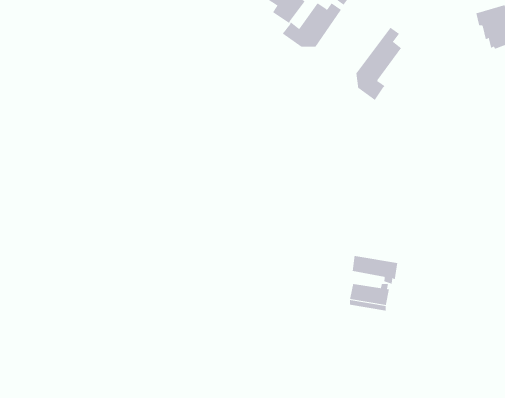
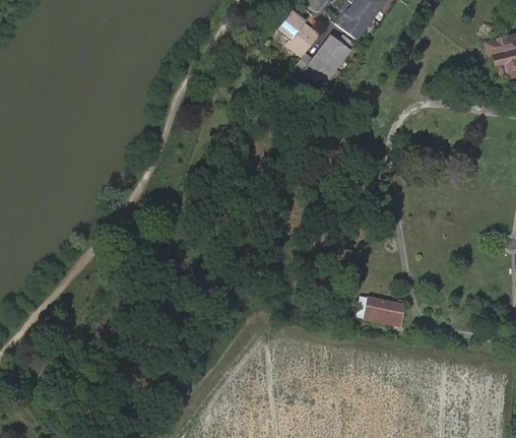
building: [356,27,402,101] -> none
building: [352,255,398,284] -> none

